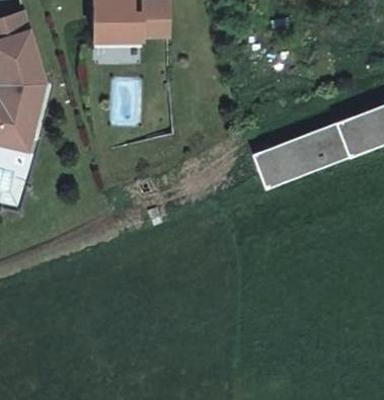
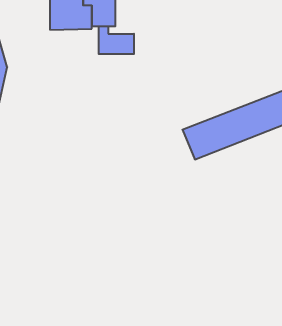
building: none -> [99,26,134,54]

